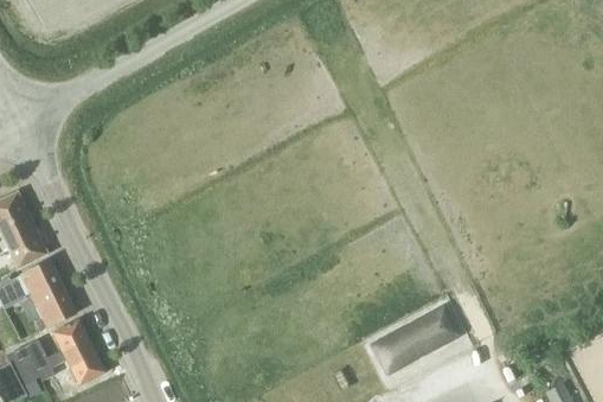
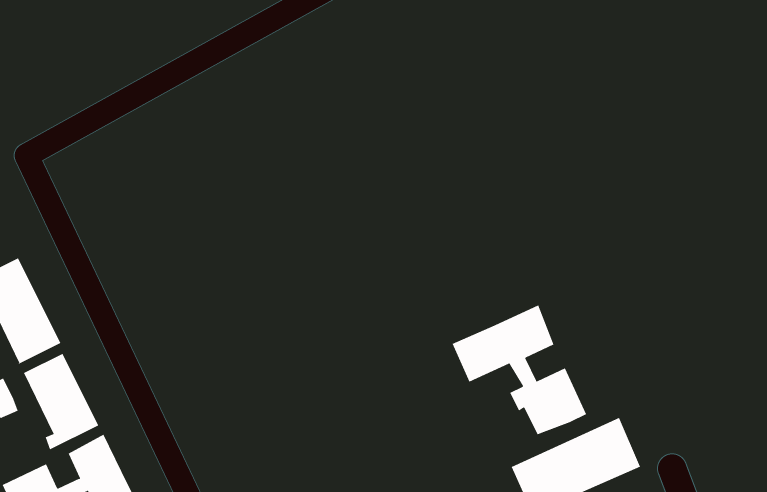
building: none -> [452,305,587,435]

